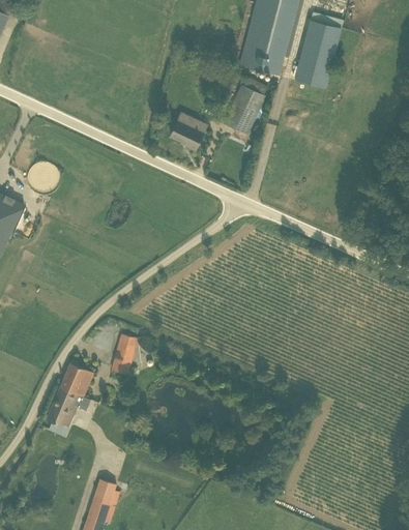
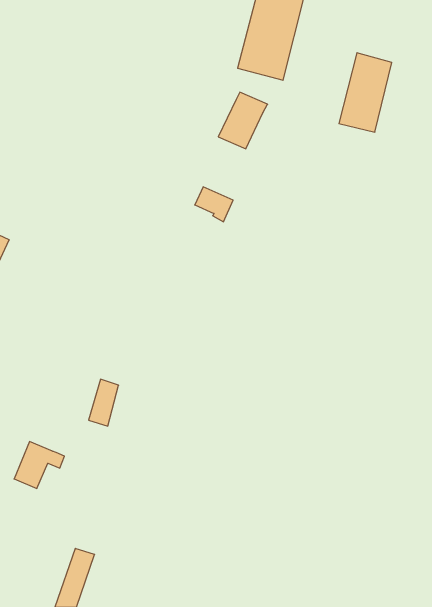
building: [293,19,339,87] -> [339,53,392,132]
building: [169,119,202,149] -> [195,187,233,222]
building: [59,362,91,395] -> none

